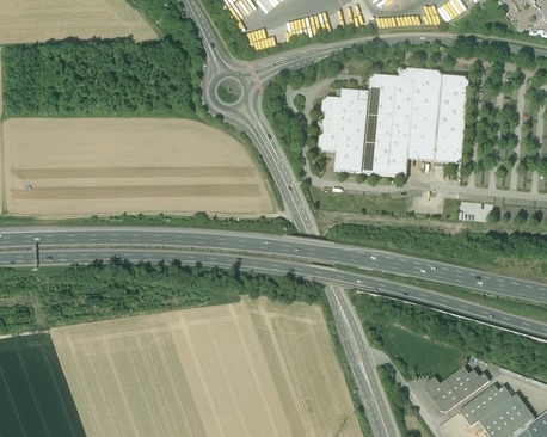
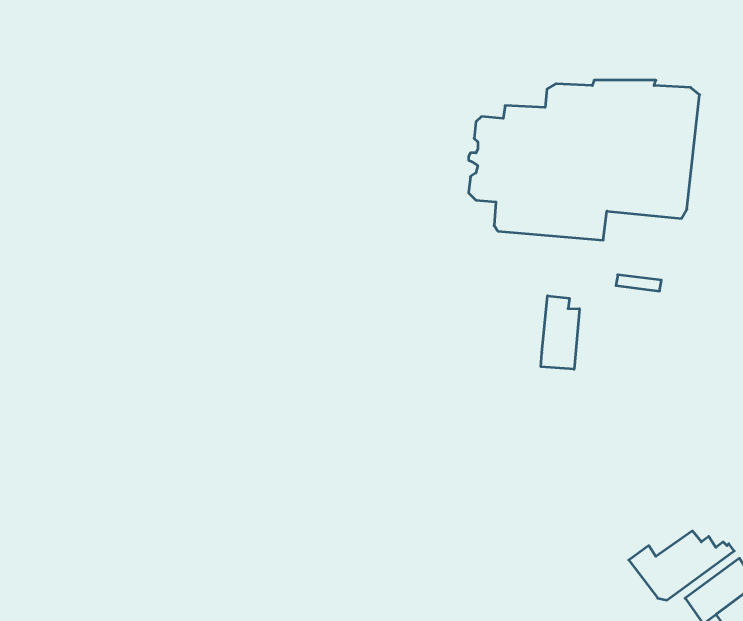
building: none -> [541,296,579,369]

